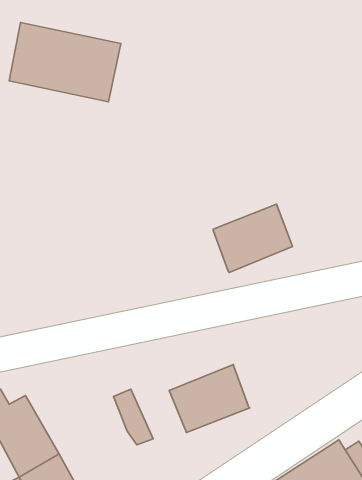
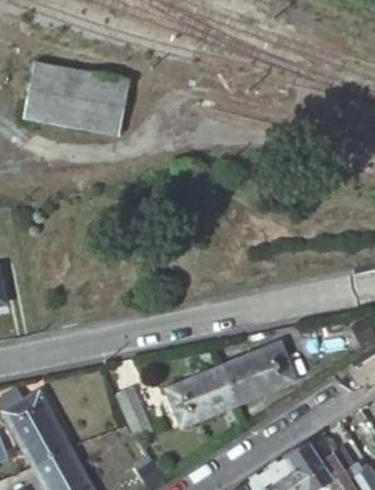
building: [213,204,292,272] -> [225,344,296,404]

